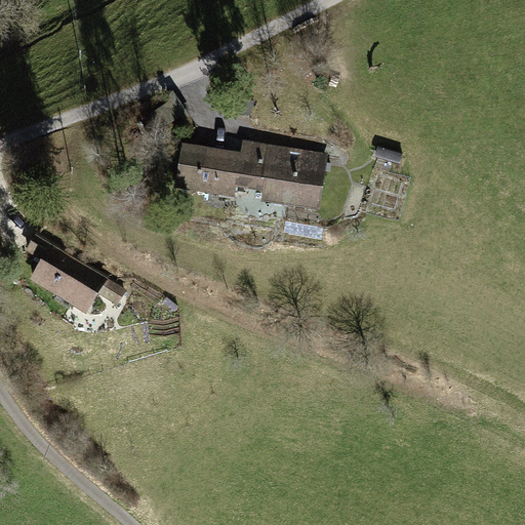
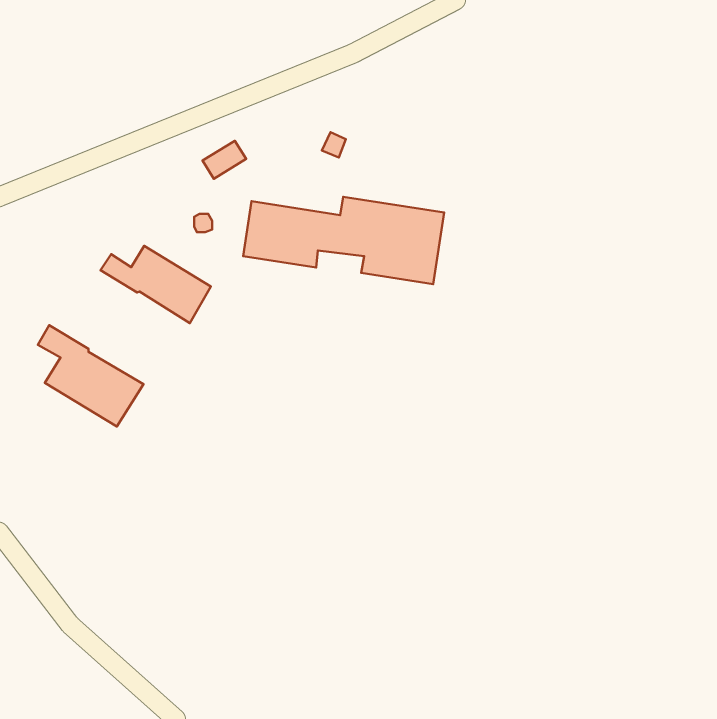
building: none -> [101,246,211,323]

